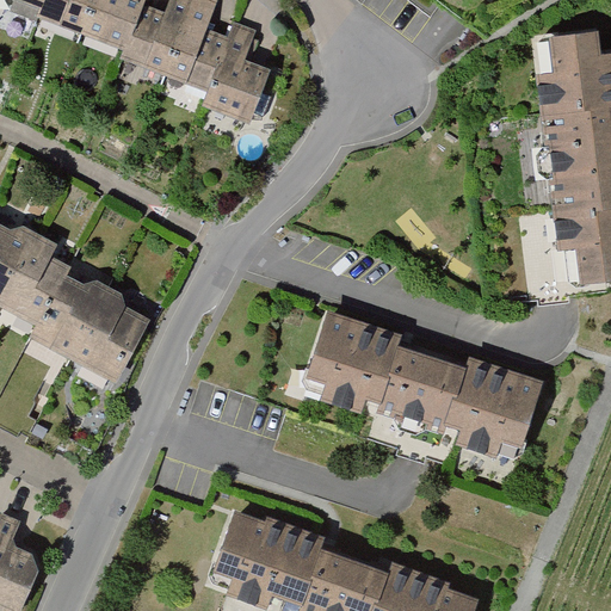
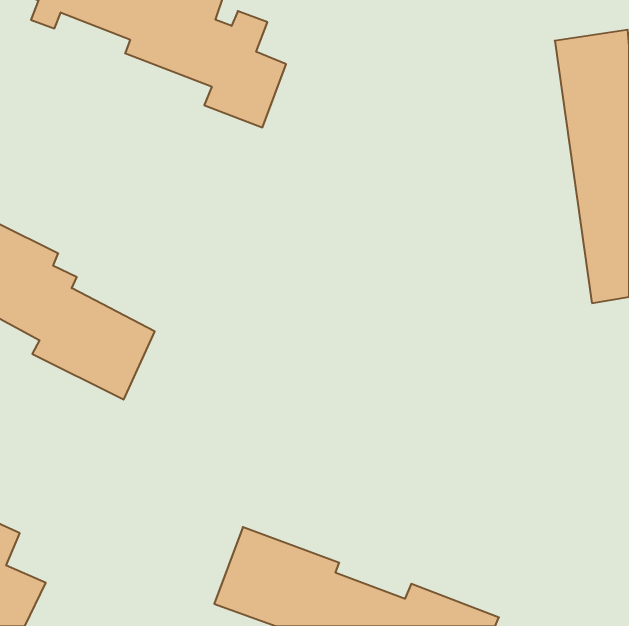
building: [307,314,547,462] -> none

